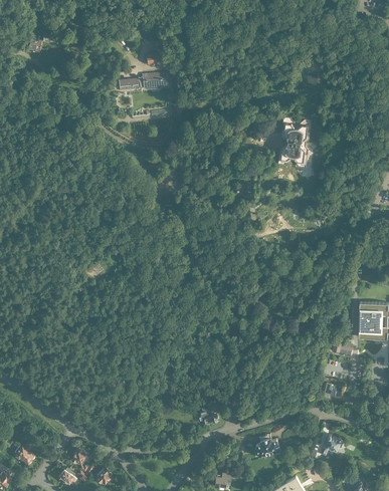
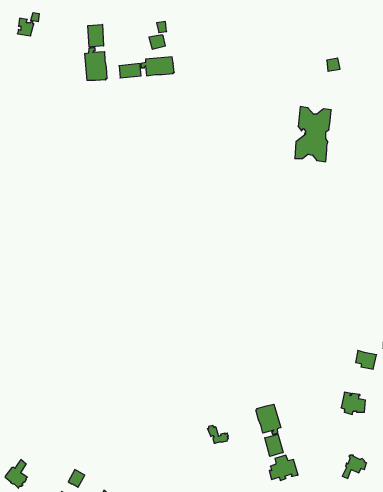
building: none -> [85,24,107,80]
building: none -> [256,404,283,456]

